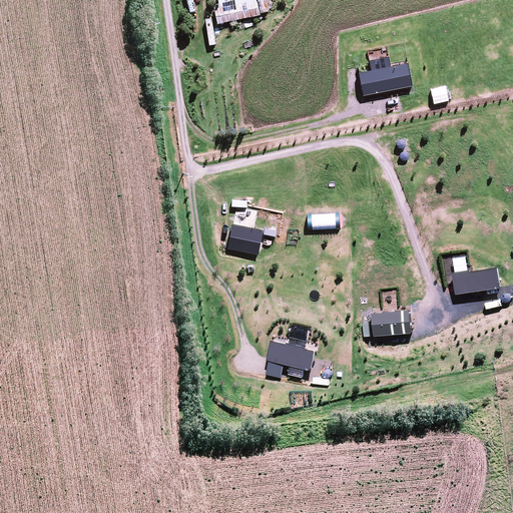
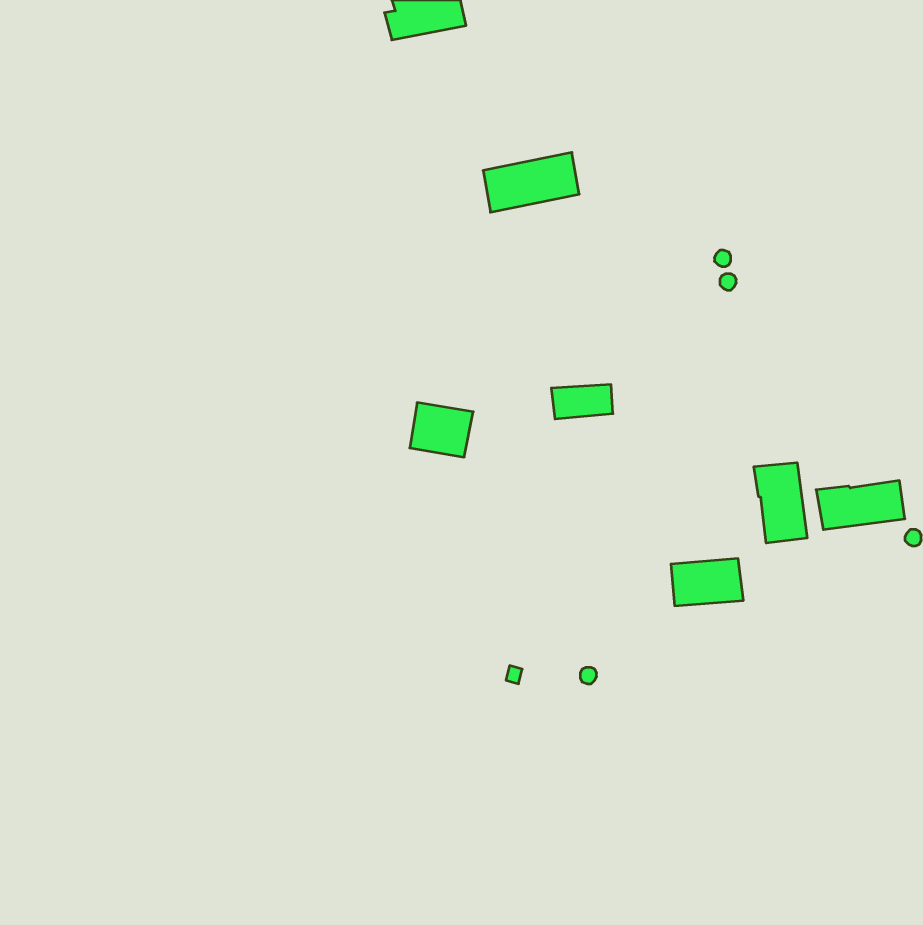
building: [357,62,410,95] -> [483,152,579,212]
building: none -> [754,463,807,543]
building: [266,339,315,370] -> none

